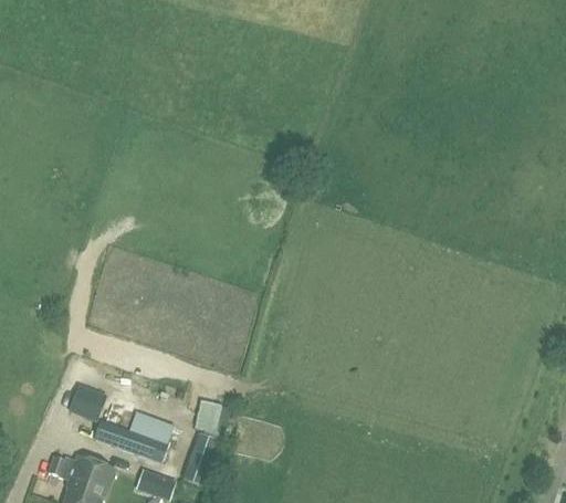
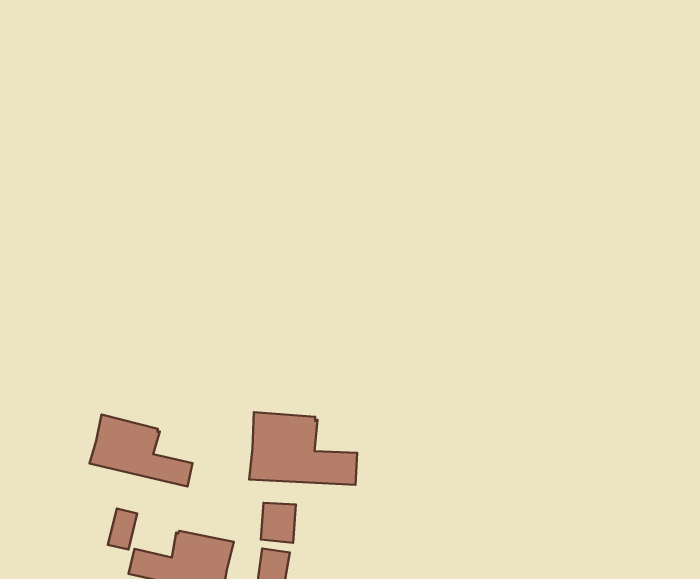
building: none -> [90,414,193,486]
building: none -> [249,412,357,485]

